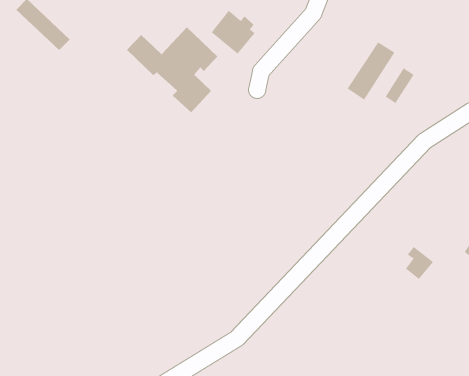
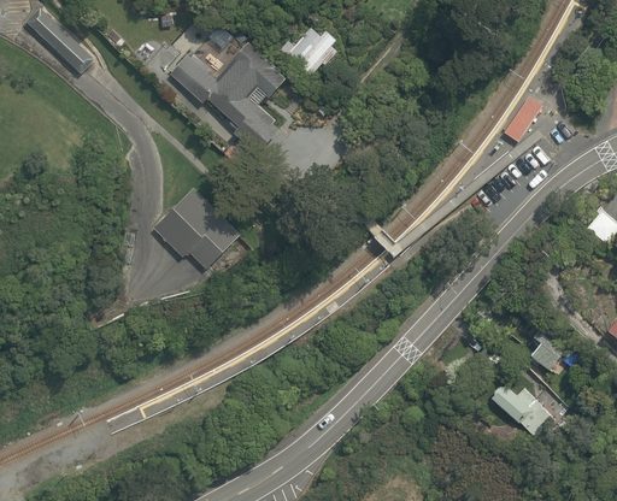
building: [347,42,395,100] -> none
building: none -> [151,187,249,277]
building: none -> [489,383,554,440]

